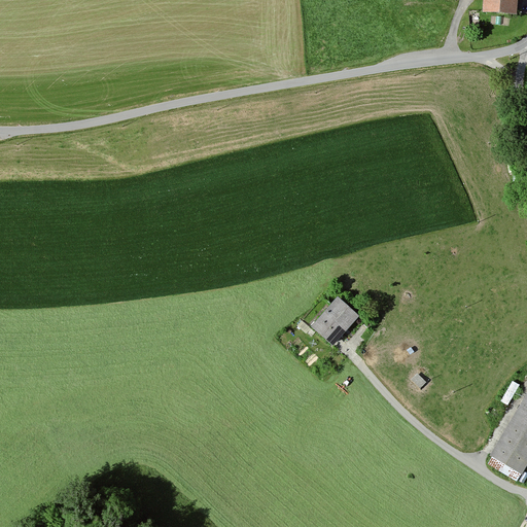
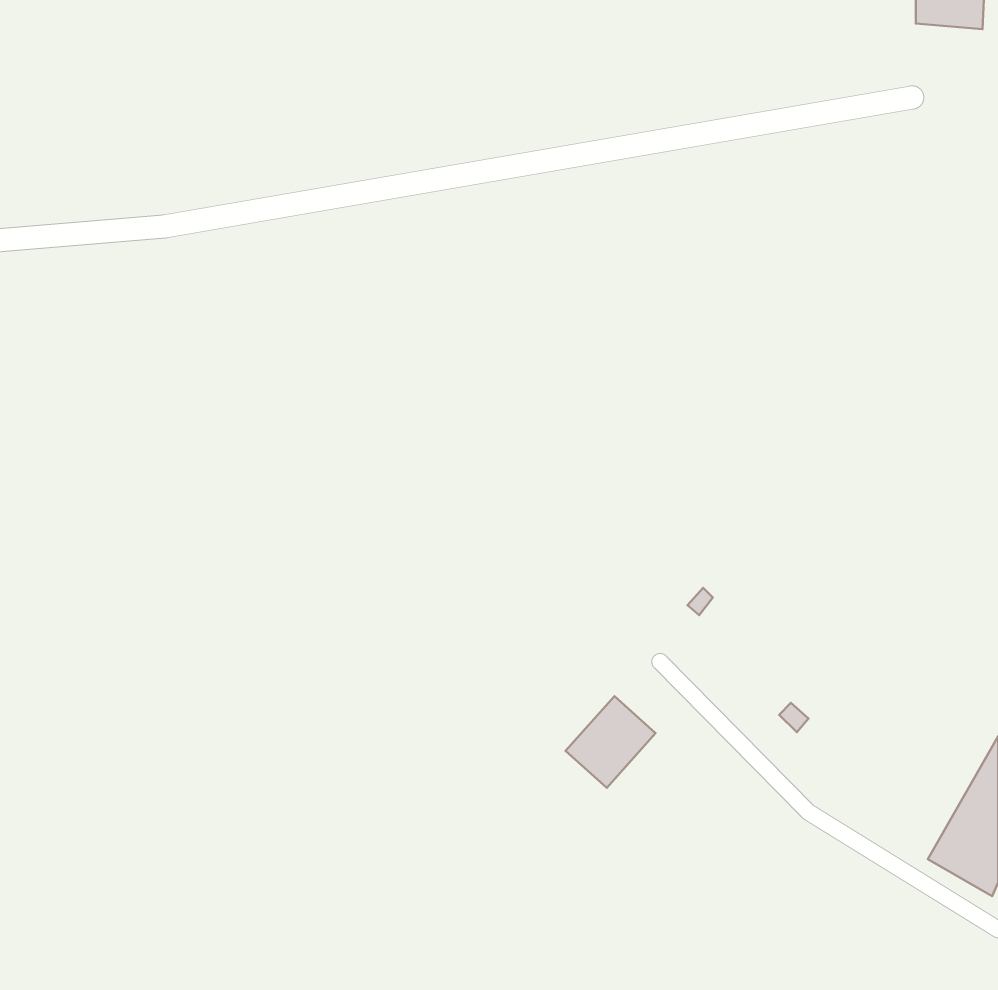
building: [311,295,358,344] -> [566,696,656,788]

